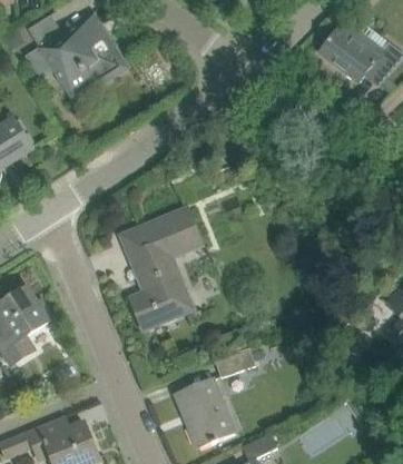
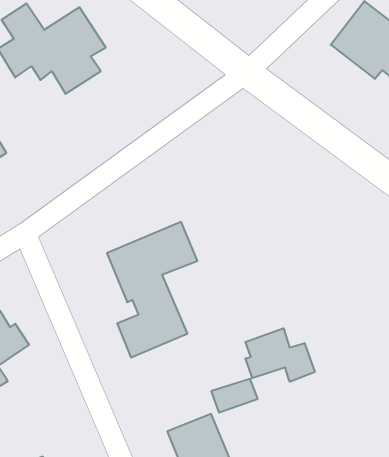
building: none -> [245,328,315,382]

